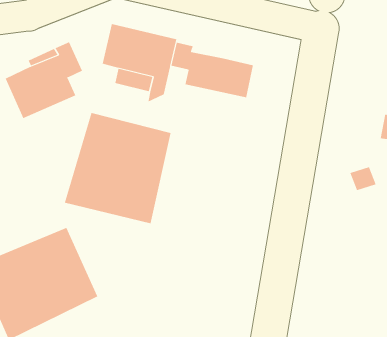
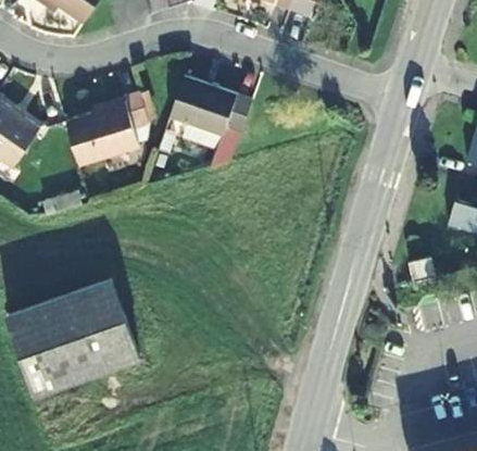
building: [171,42,253,98] -> none
building: [64,112,171,224] -> none

